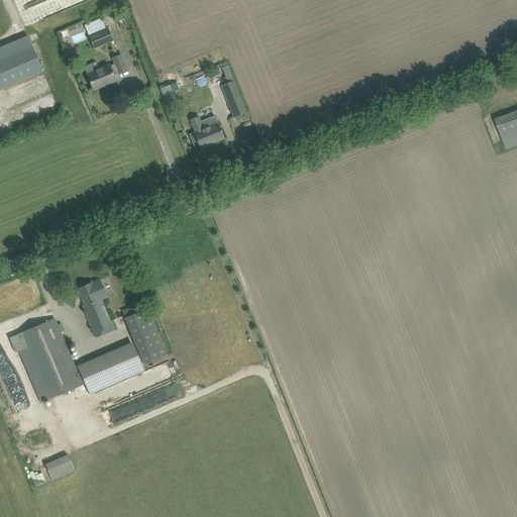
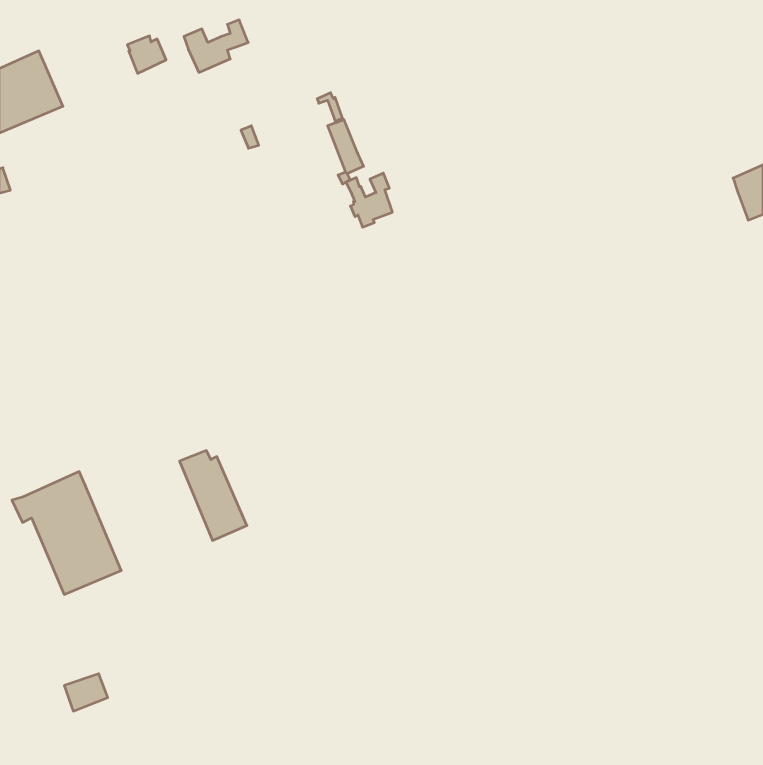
building: [83,55,126,90] -> [184,20,248,72]
building: [189,113,220,149] -> [346,173,392,227]
building: [75,281,113,337] -> none
building: [78,347,142,395] -> none

